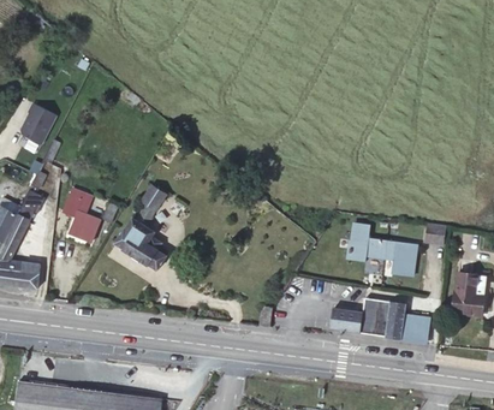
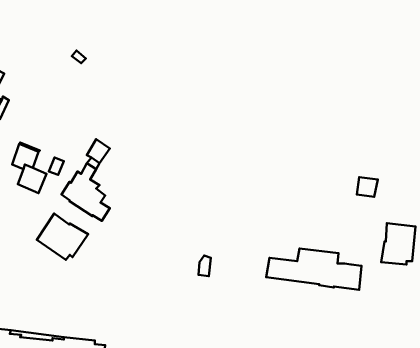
building: [349,222,416,277] -> none
building: none -> [37,213,88,260]

